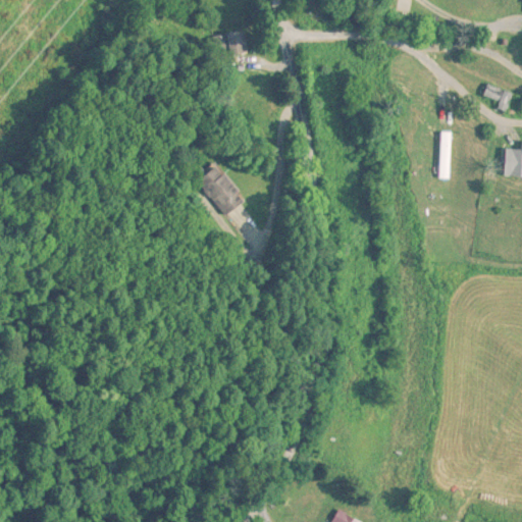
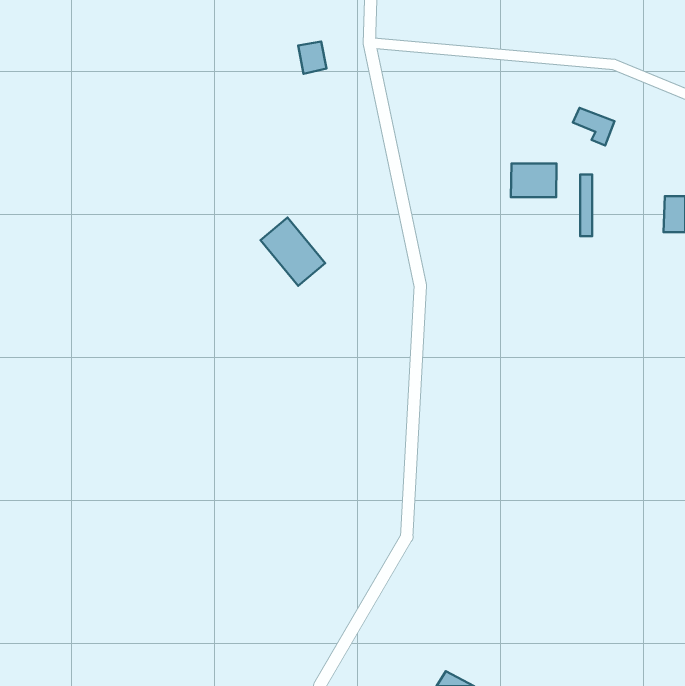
building: [482,85,514,113] -> [573,108,614,145]
building: none -> [511,163,556,197]

